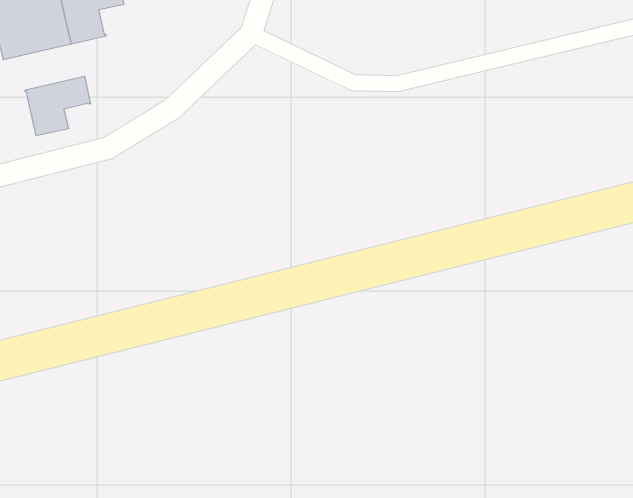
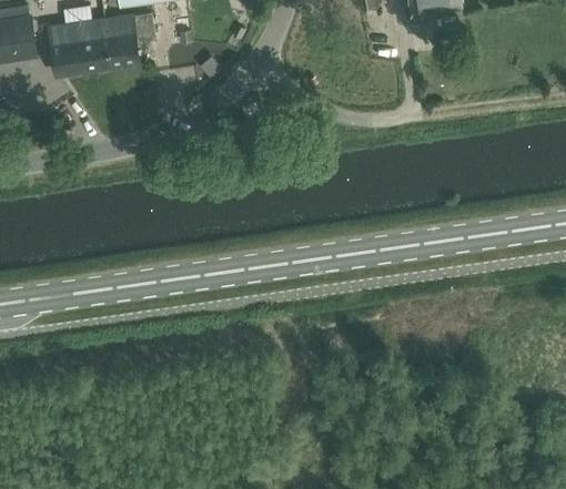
building: [25,76,91,136] -> none

